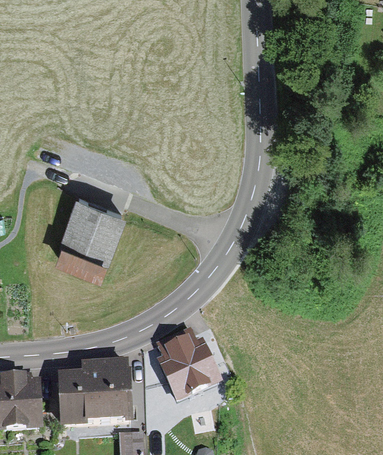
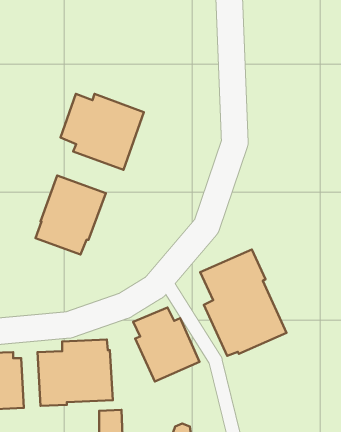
building: none -> [60,94,144,170]
building: none -> [200,249,287,356]

